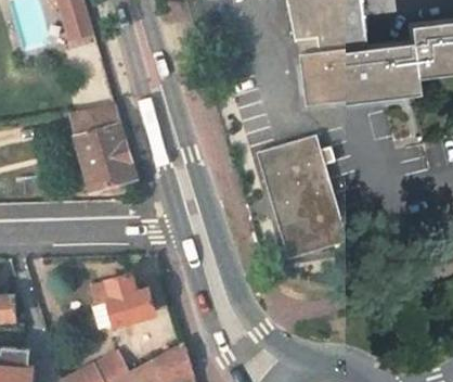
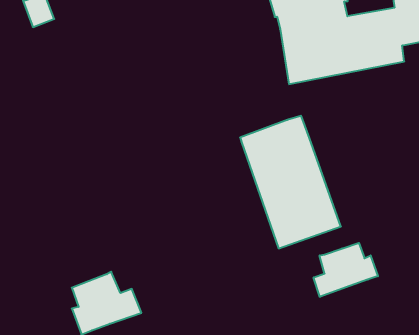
building: [72,106,137,193] -> none
building: none -> [314,243,378,297]

